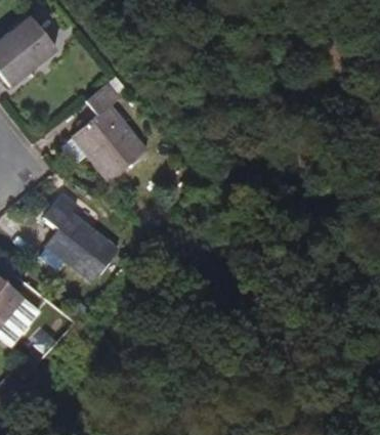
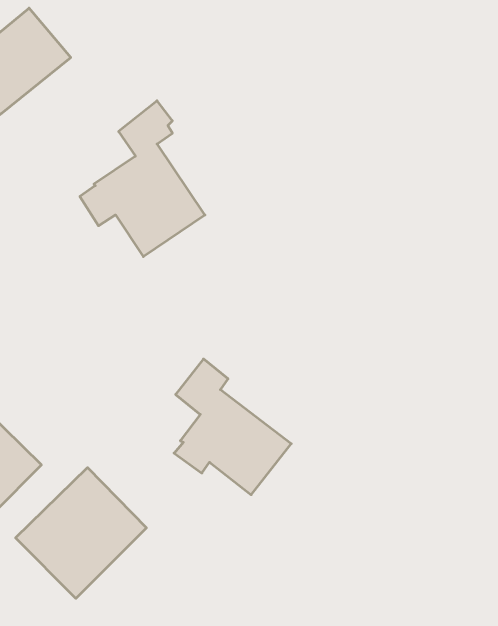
building: [38,188,116,278] -> [174,359,291,495]
building: none -> [16,468,146,598]

